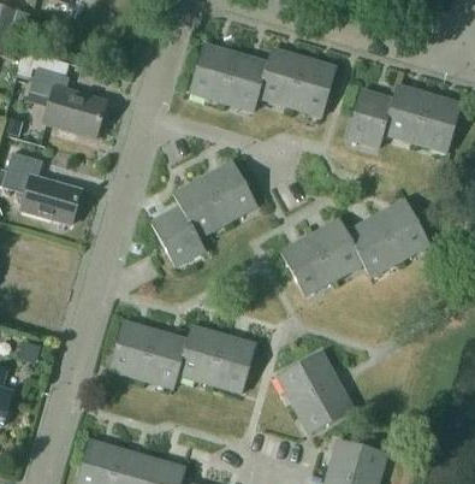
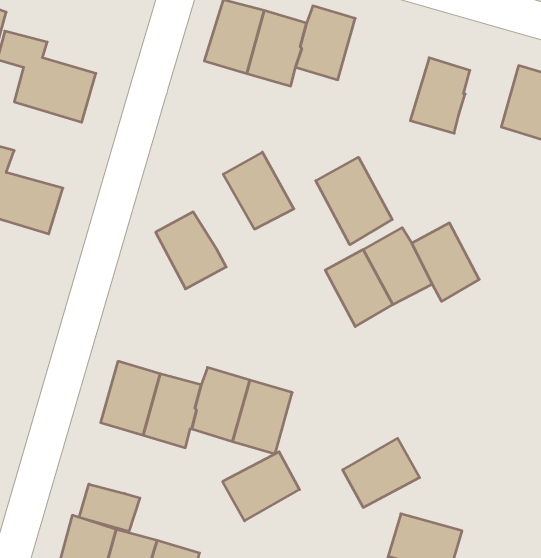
building: [291,59,337,116] -> none
building: [384,85,429,142] -> none
building: none -> [316,157,392,245]
building: [173,178,227,236] -> none
building: [376,200,429,259] -> none
building: [278,352,337,405] -> [223,452,300,521]
building: none -> [79,484,140,532]

